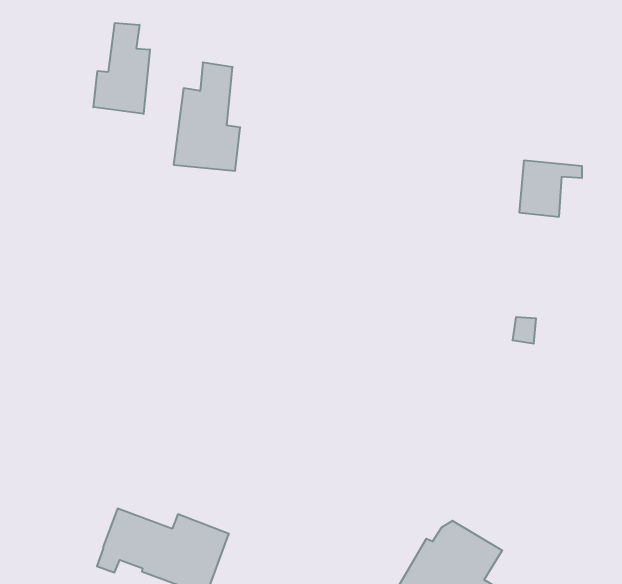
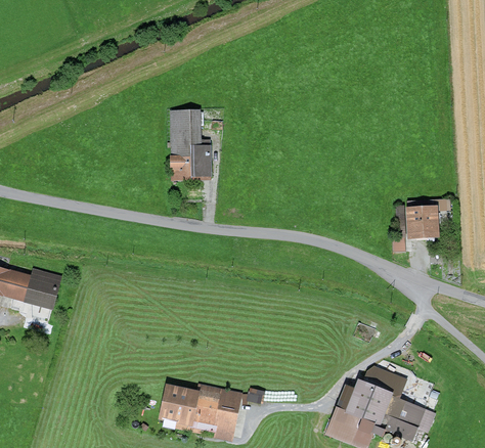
building: [93,23,150,114] -> none
building: [519,161,582,217] -> [409,200,446,234]

